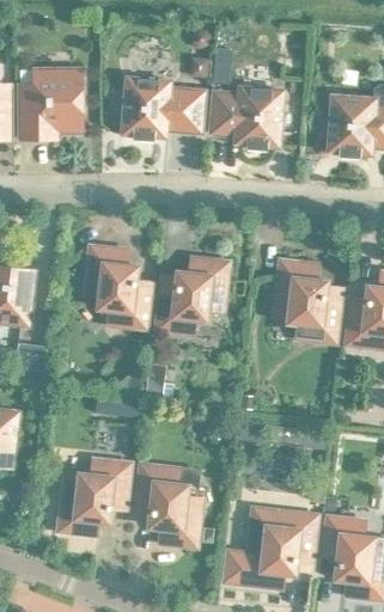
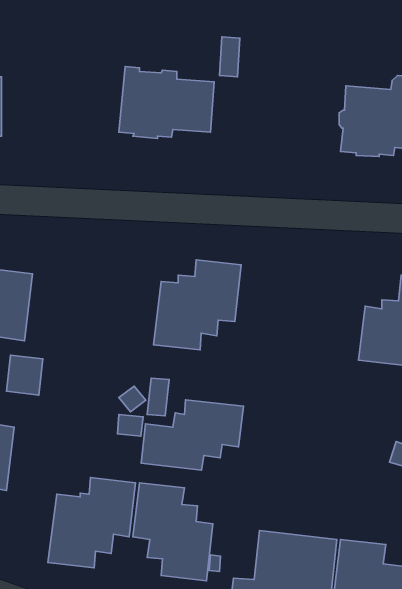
building: [18,69,80,139] -> none
building: [206,84,285,151] -> none
building: [79,241,153,332] -> none
building: [268,256,343,347] -> none
building: none -> [141,400,243,470]

